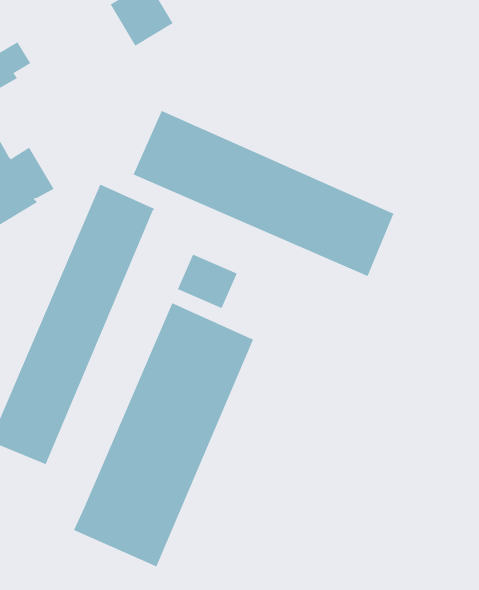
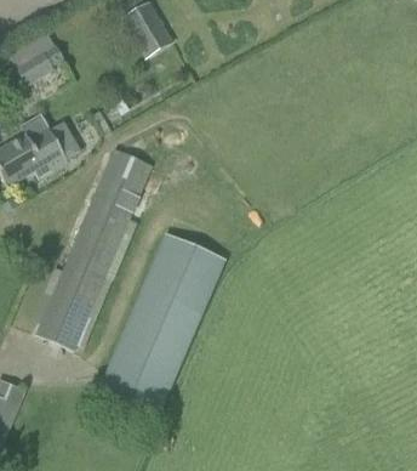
building: [133,110,394,277] -> none
building: [177,254,238,309] -> none

